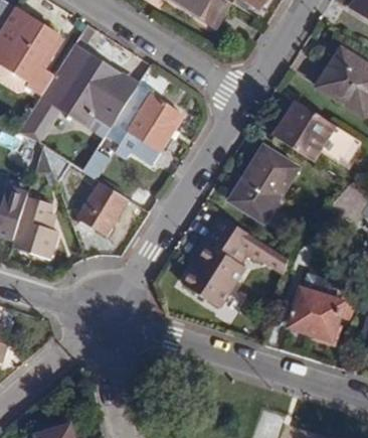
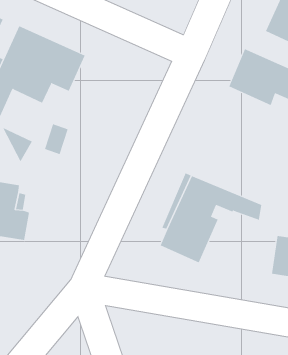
building: [110,80,184,162] -> none
building: [227,145,300,224] -> none
building: [76,180,129,235] -> none

